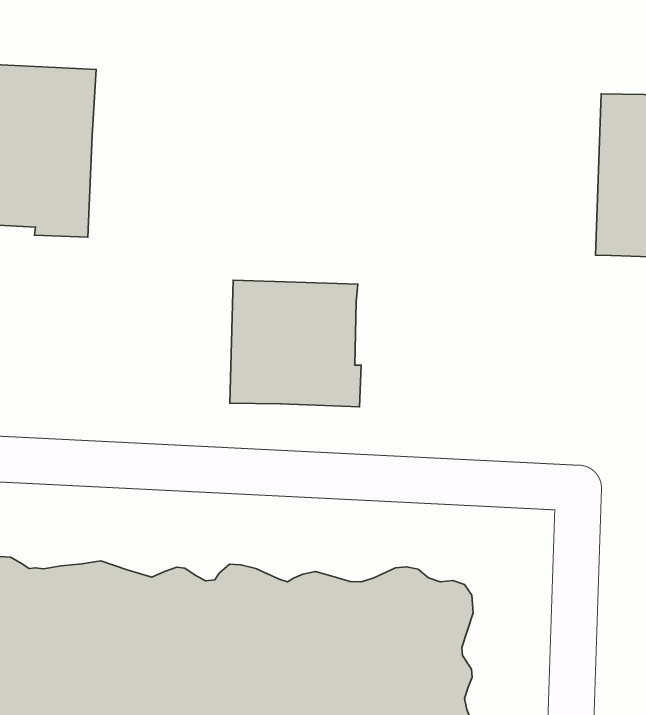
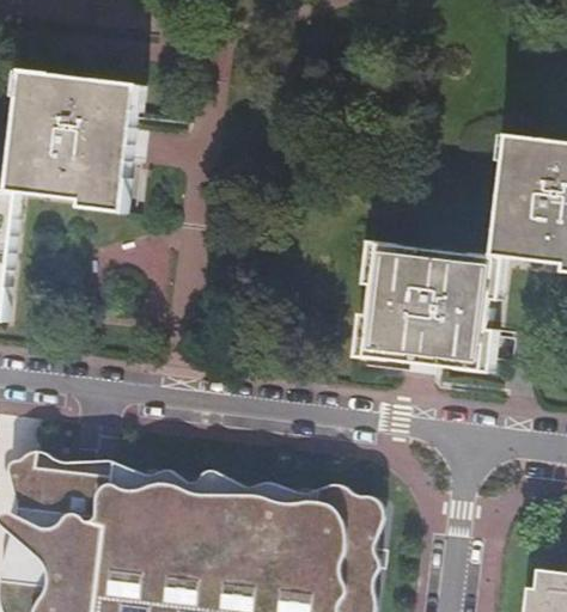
building: none -> [365,250,506,377]
building: [230,280,361,407] -> none

